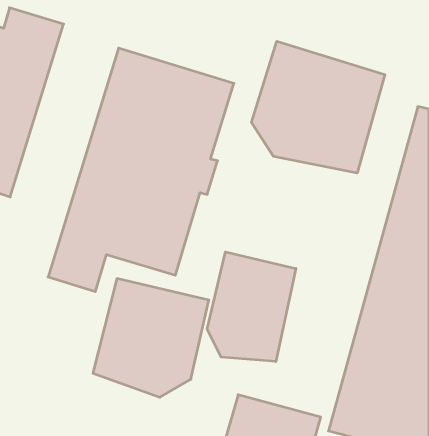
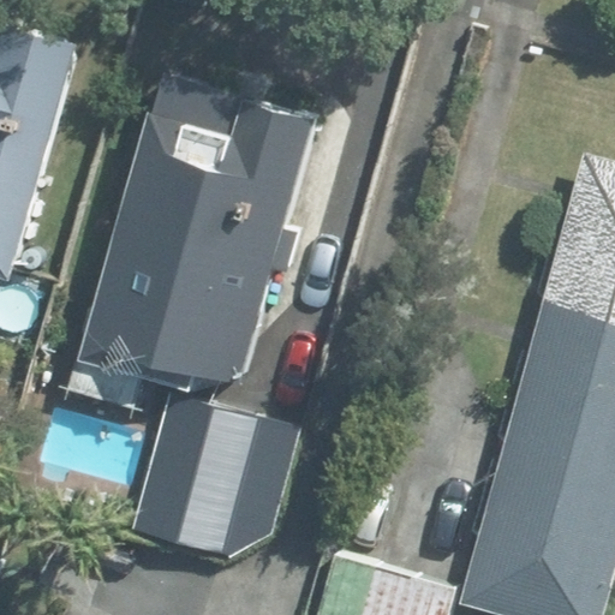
building: [251,41,385,173] -> none
building: [207,252,296,362] -> none

